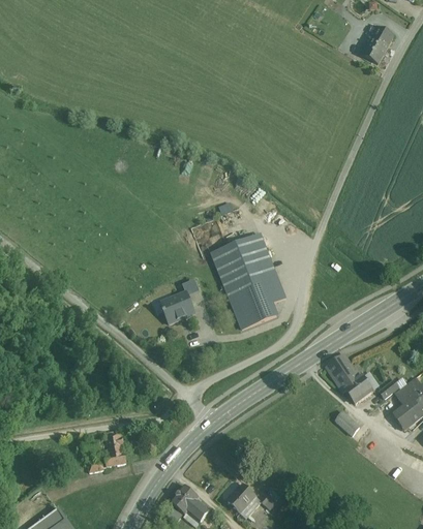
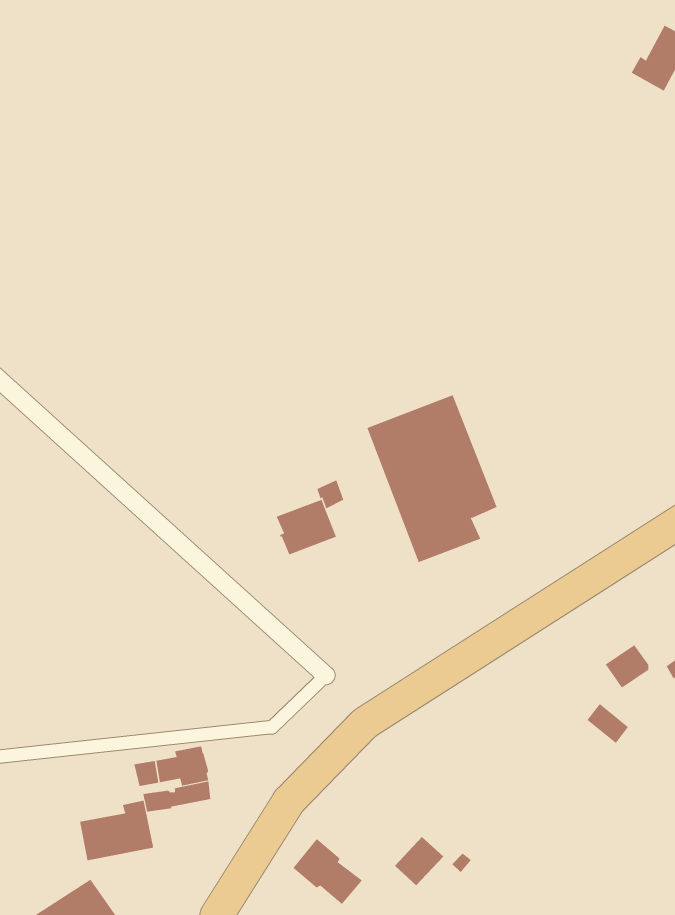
building: [327,356,361,390] -> none
building: none -> [79,800,154,861]

